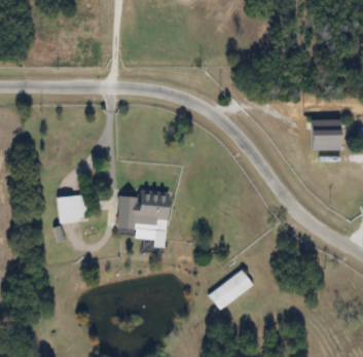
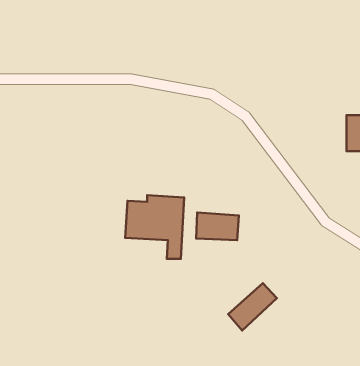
building: [57,194,85,223] -> none
building: none -> [196,213,239,240]

